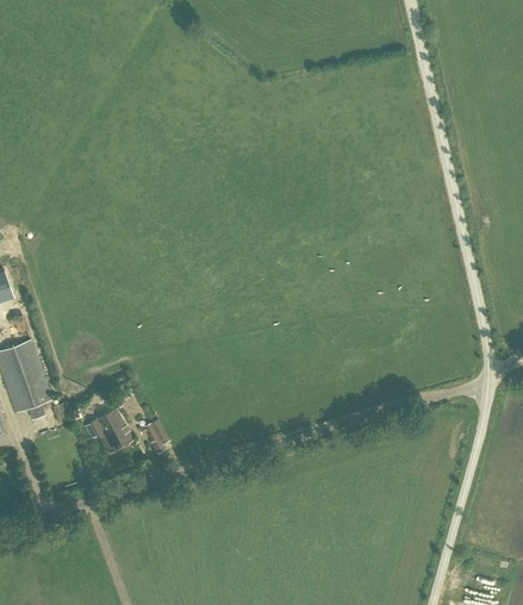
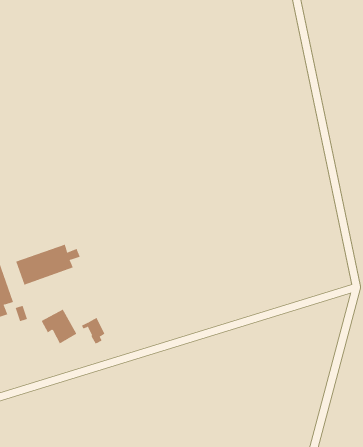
building: none -> [16,244,80,285]

